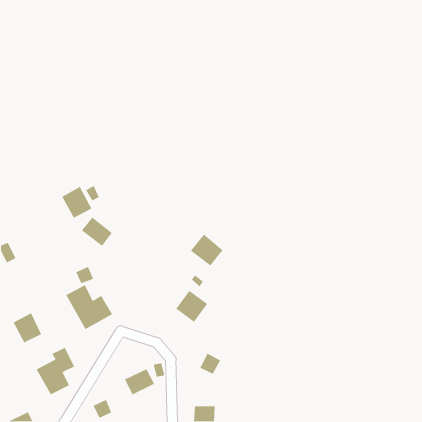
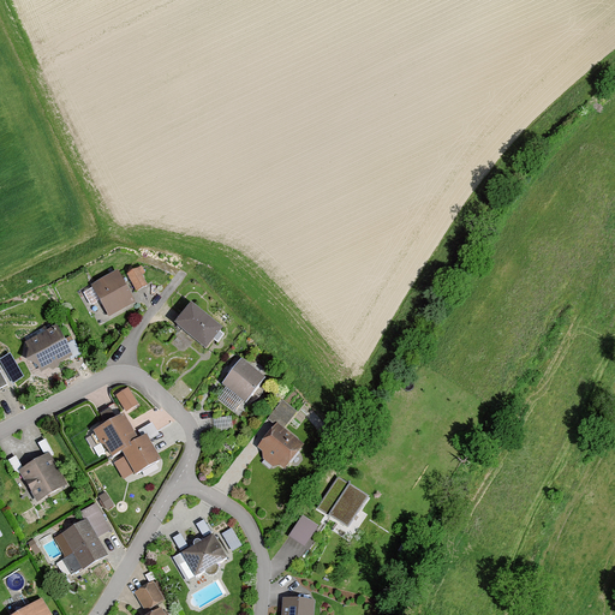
building: [81,216,113,247] -> [175,303,222,347]
building: none -> [14,328,68,381]
building: [190,234,224,267] -> [219,357,268,405]
building: none -> [320,479,368,526]

